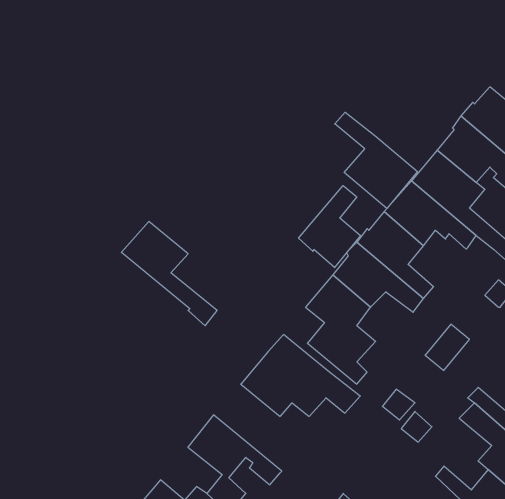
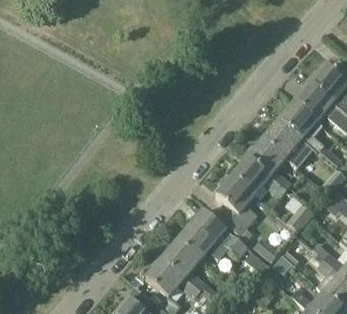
building: [335,112,417,208] -> none
building: [299,186,360,268] -> none
building: [121,222,217,326] -> [161,239,218,301]

